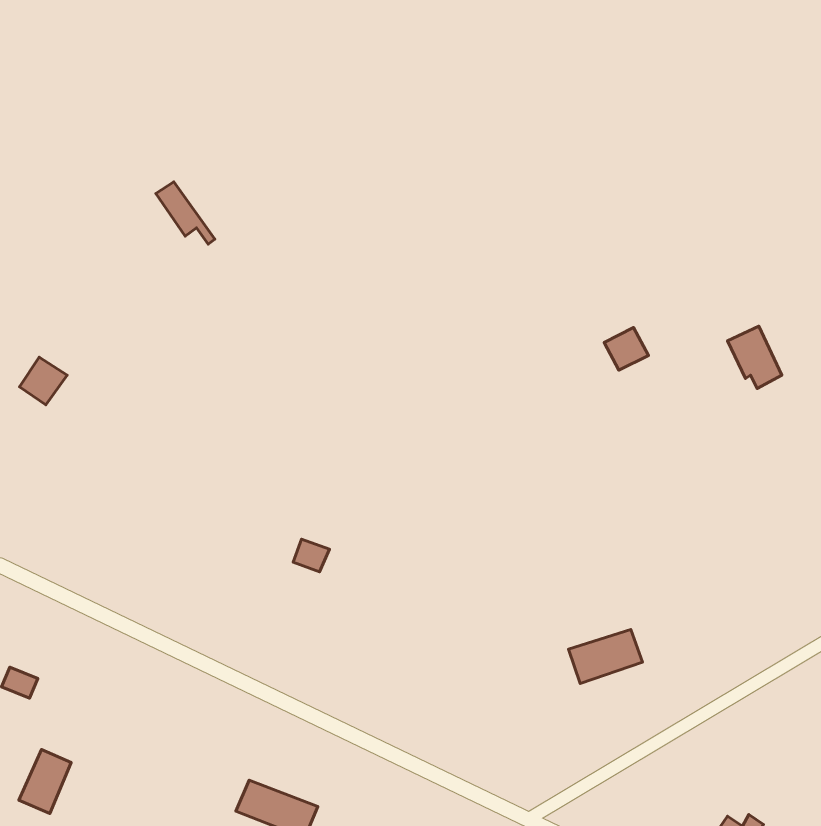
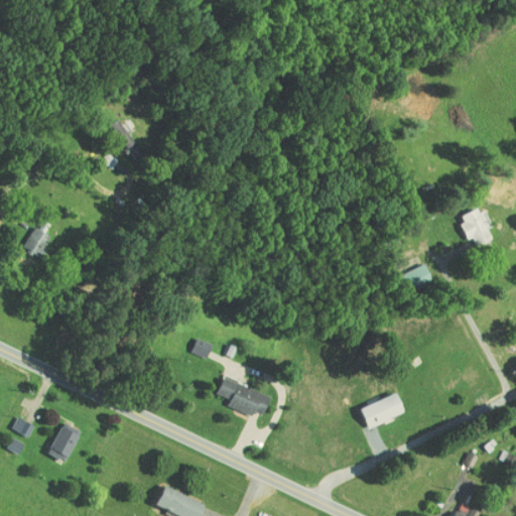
building: [604,328,648,370] -> [405,263,432,289]
building: none -> [216,376,270,416]
building: [19,749,71,813] -> [47,422,80,462]

